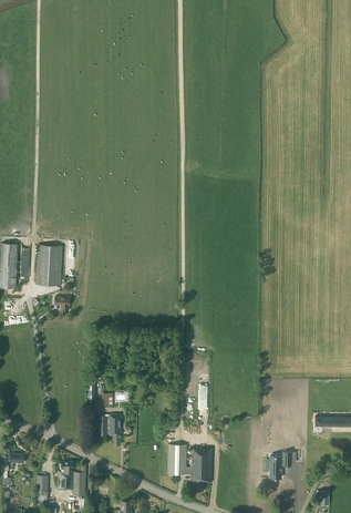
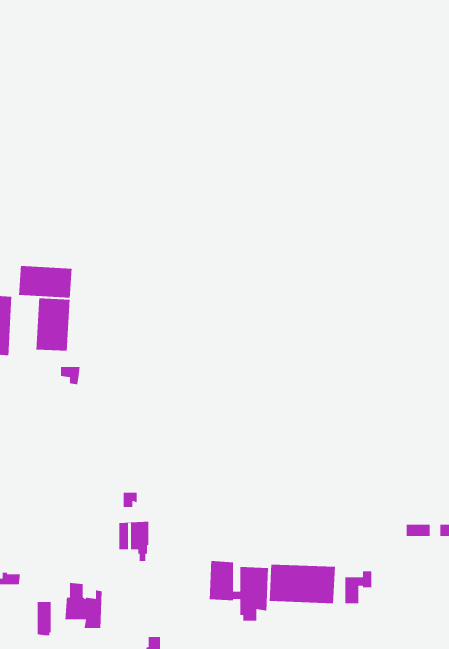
building: none -> [18,265,73,299]
building: none -> [269,564,336,604]

